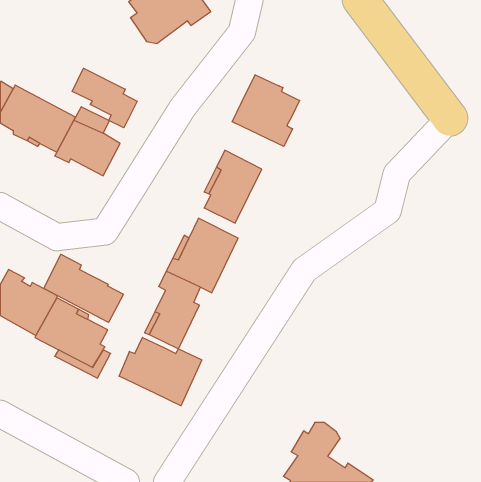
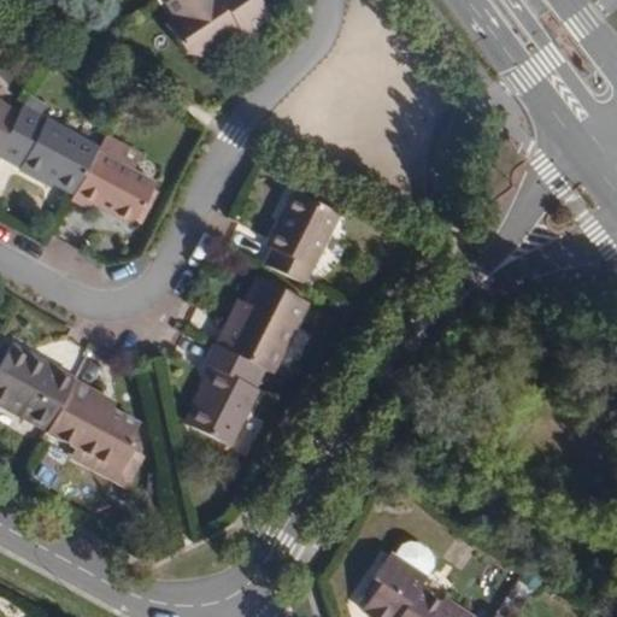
building: [72,68,137,128] -> none
building: [232,75,300,146] -> none
building: [44,254,123,322] -> none
building: [119,337,202,406] -> none

